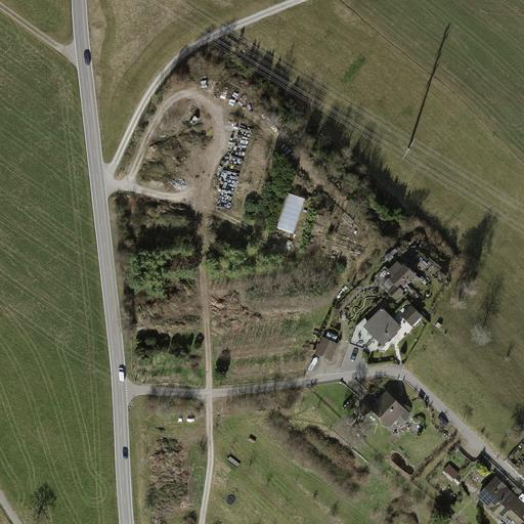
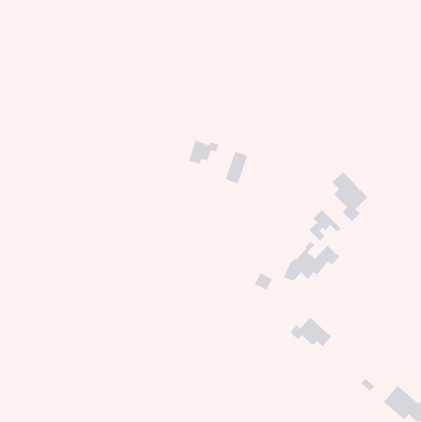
building: none -> [188,140,219,165]
building: none -> [332,172,368,222]

